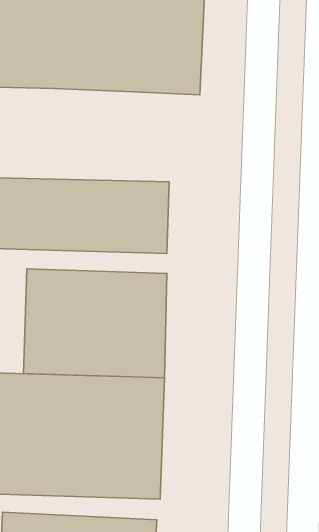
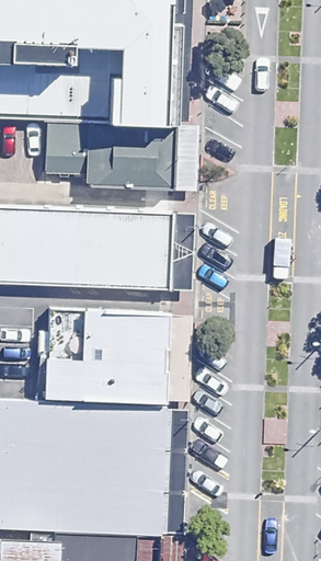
building: none -> [54,117,200,192]

